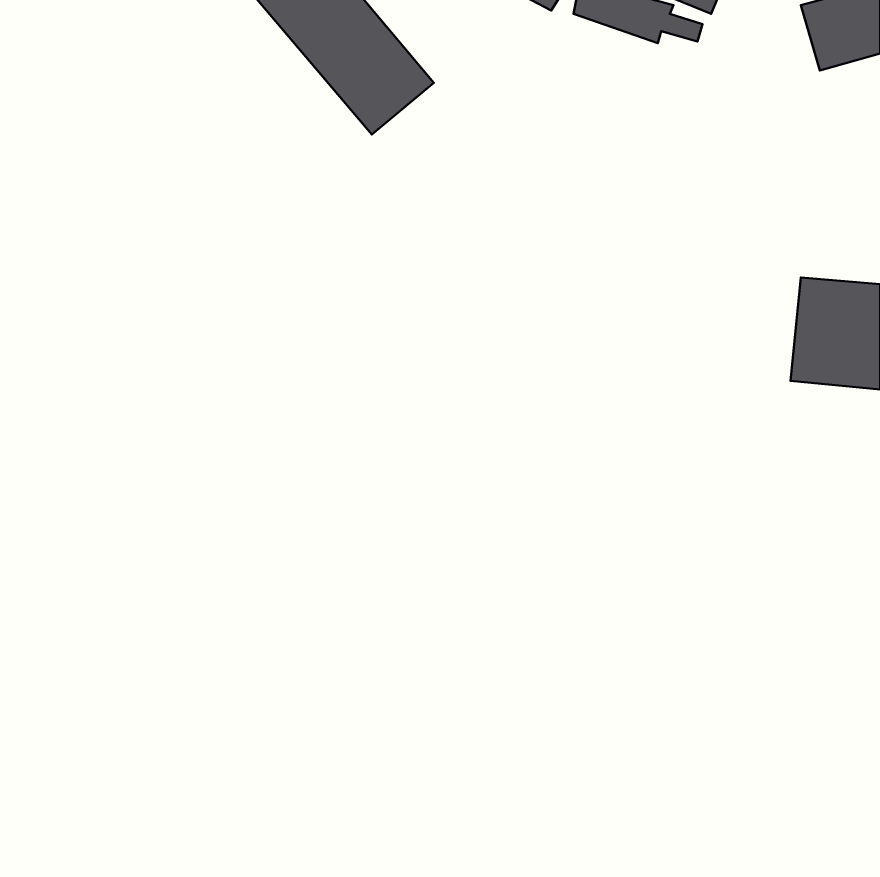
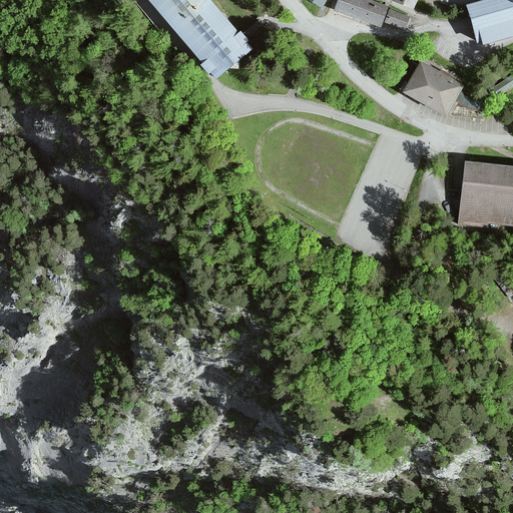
building: none -> [404,61,462,114]

